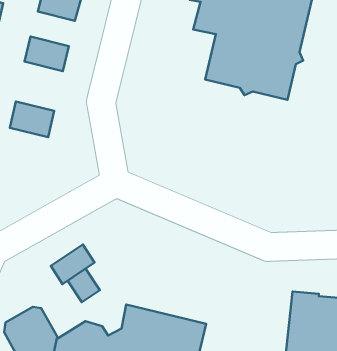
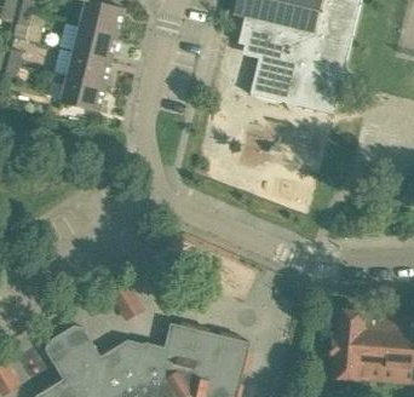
building: none -> [71,24,116,59]
building: [10,101,54,137] -> [59,75,104,111]
building: [51,244,95,284] -> none

